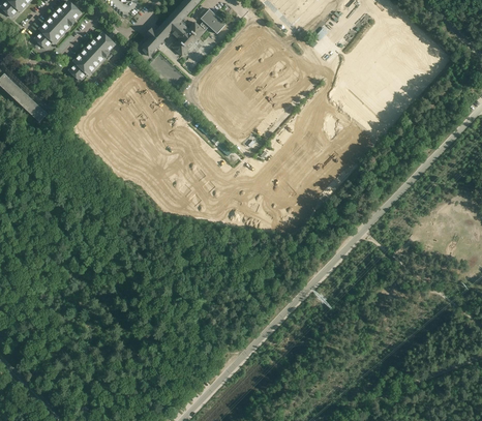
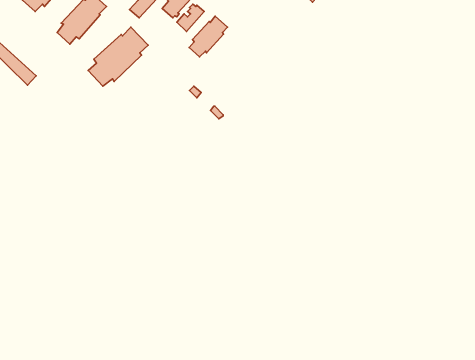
building: none -> [189,16,228,57]
building: none -> [88,27,148,86]

